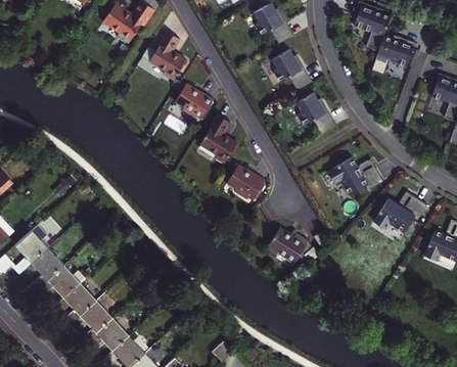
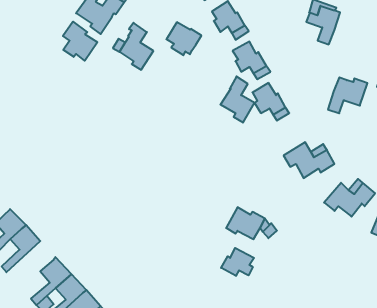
building: none -> [63,22,97,61]
building: [371,36,414,75] -> [328,77,367,113]
building: [176,83,214,119] -> [166,22,201,55]
building: [200,112,237,163] -> [220,76,254,123]
building: [228,165,267,198] -> none
building: [28,265,81,305] -> none
building: none -> [221,248,254,276]

